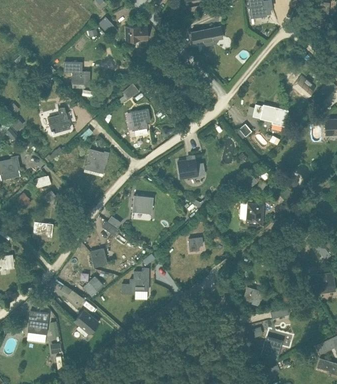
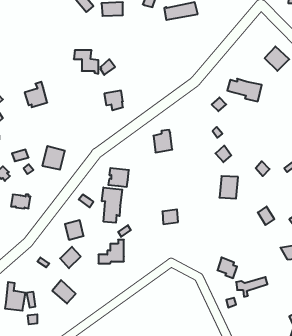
building: [64,62,89,86] -> [74,50,98,74]
building: [85,149,108,173] -> [42,146,65,170]
building: none -> [102,187,122,223]
building: [262,331,284,360] -> none

